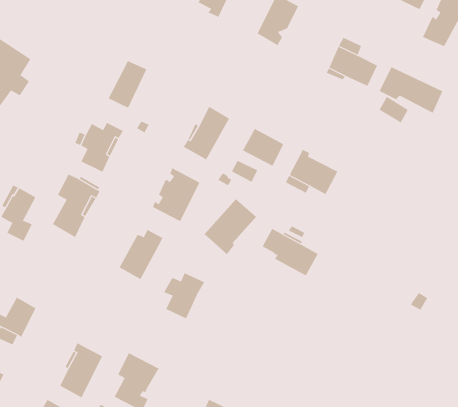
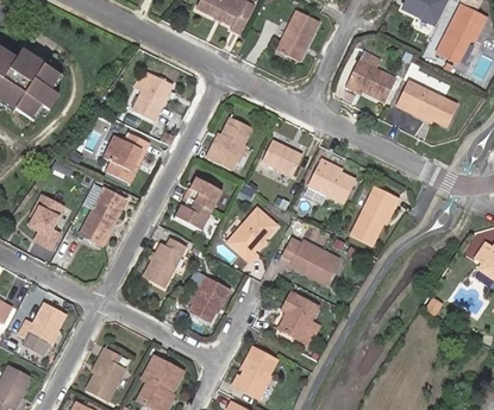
building: none -> [351,188,400,246]
building: none -> [279,291,319,342]
building: none -> [235,347,276,397]

